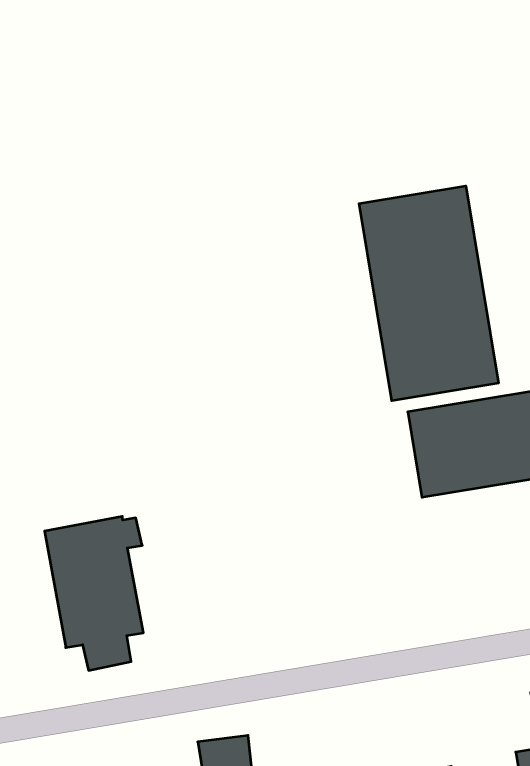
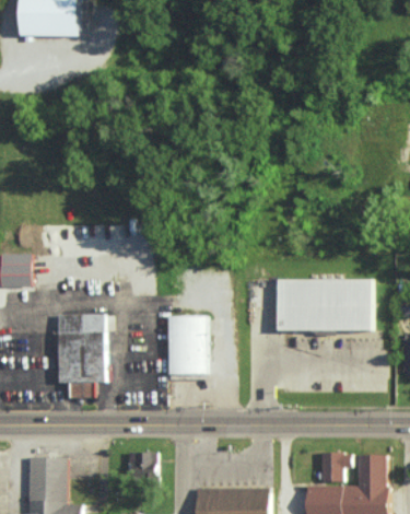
building: [359,186,498,401] -> none
building: none -> [169,316,209,376]

